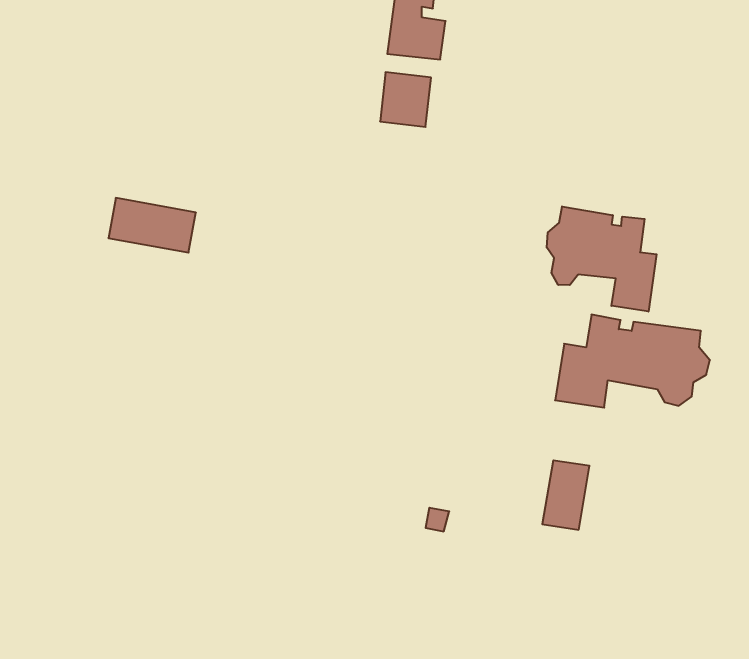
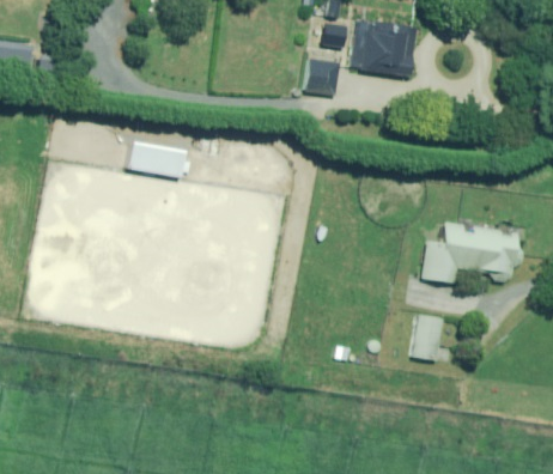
building: none -> [351,23,415,75]
building: [547,206,657,312] -> none

